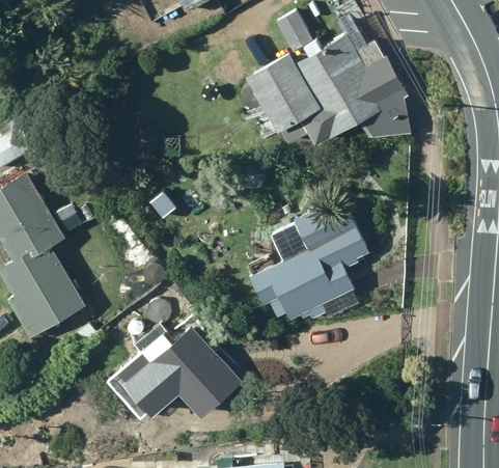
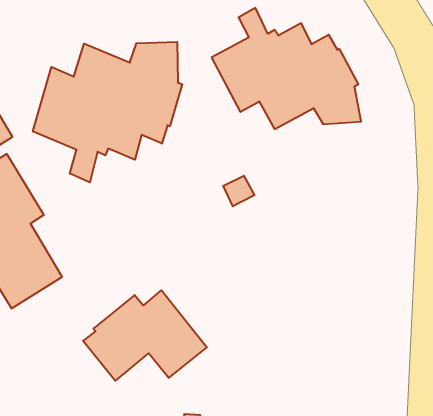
building: none -> [33,42,182,182]
building: [250,233,395,323] -> none

